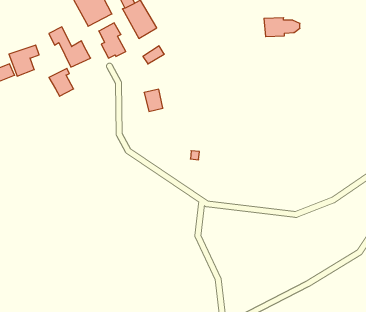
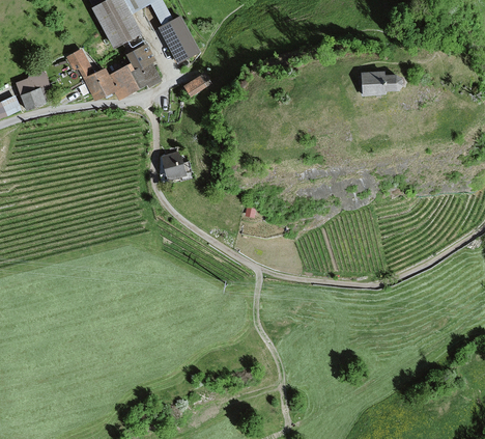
building: [264,18,300,37] -> [355,71,401,94]
building: [49,68,74,96] -> [109,62,140,98]
building: [144,89,163,111] -> [162,152,186,180]

